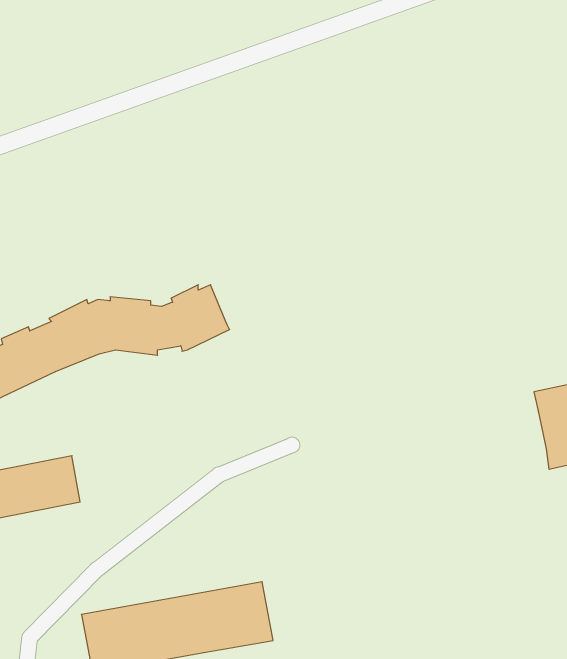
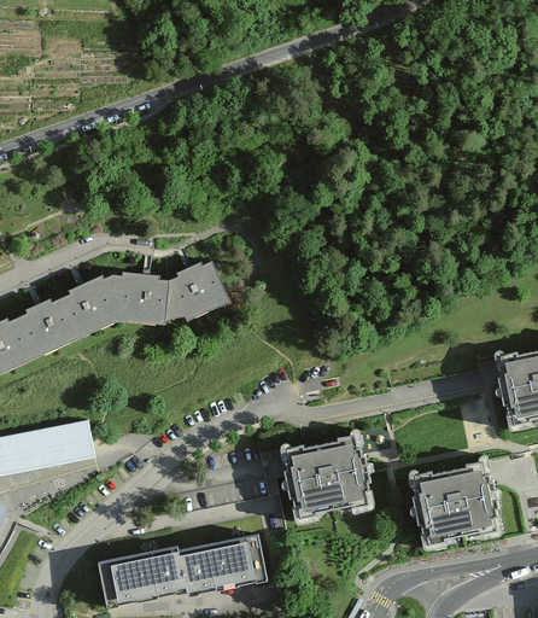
building: none -> [283,438,368,521]
building: none -> [413,466,497,549]

